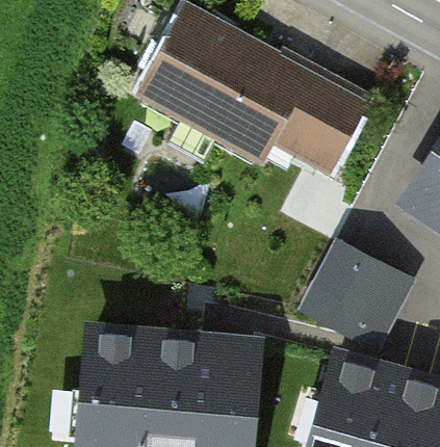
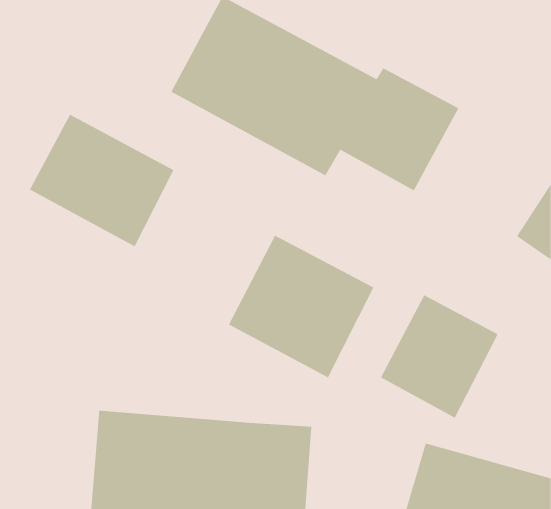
building: none -> [29,114,174,247]
building: none -> [228,235,374,378]

